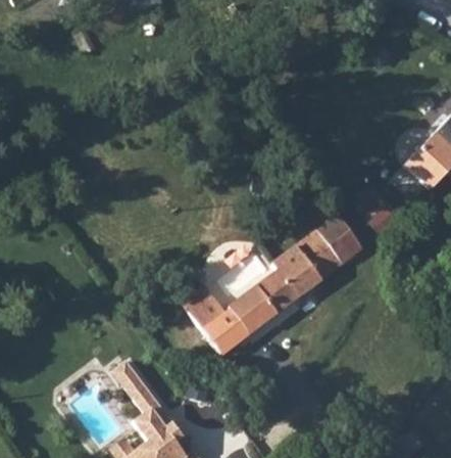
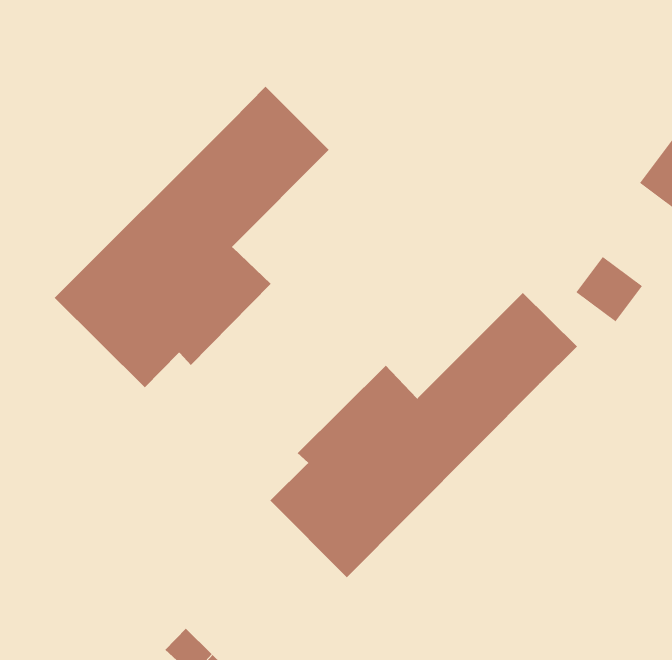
building: none -> [54,86,329,388]

